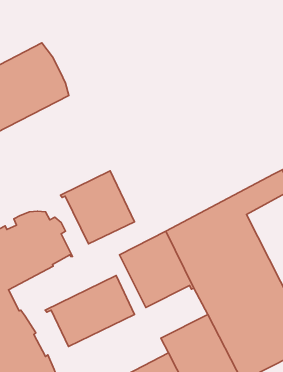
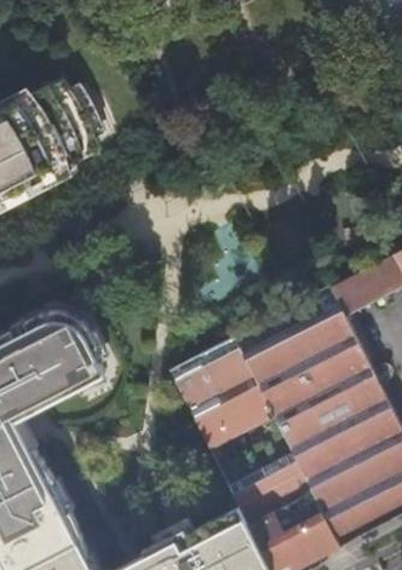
building: [61,171,134,244] -> none
building: [45,275,134,347] -> none

